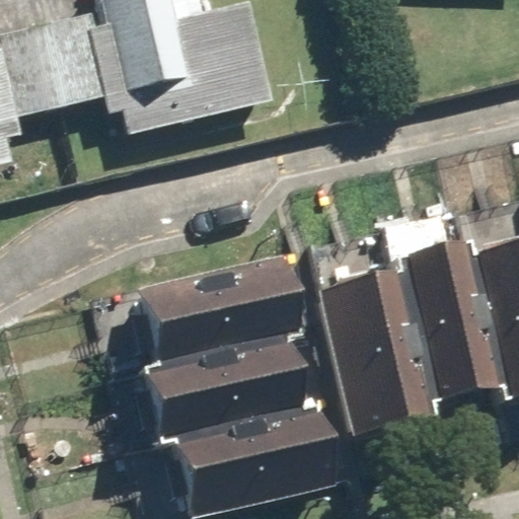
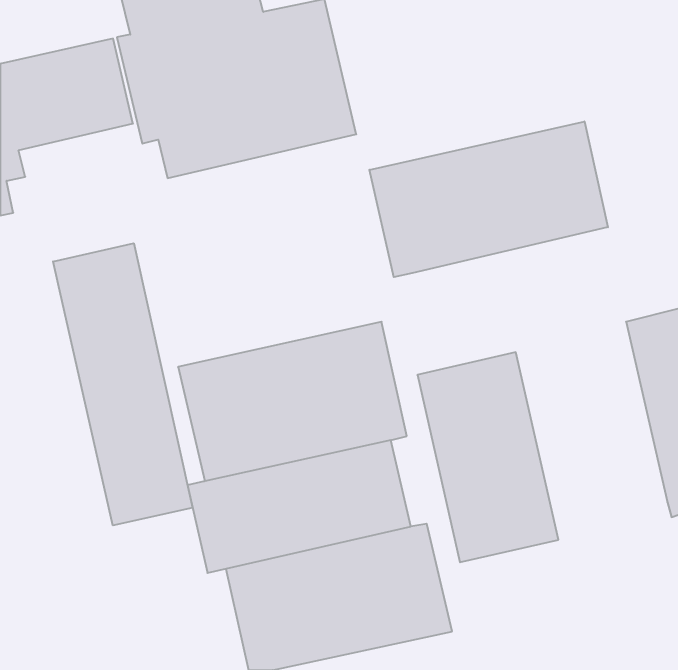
building: none -> [369,121,608,277]
building: none -> [53,243,192,525]
building: [399,236,505,405] -> none

